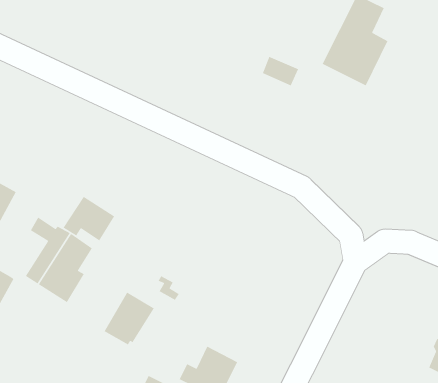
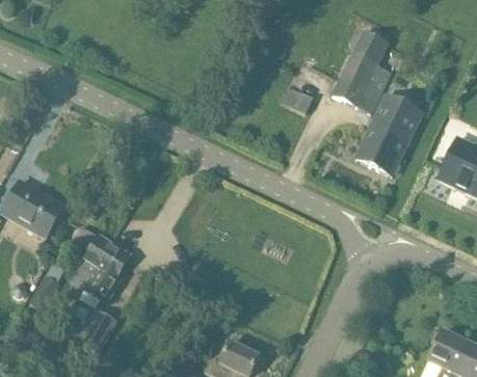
building: none -> [355,95,423,176]
building: [63,196,115,242] -> none
building: [103,292,155,346] -> [73,305,118,353]

